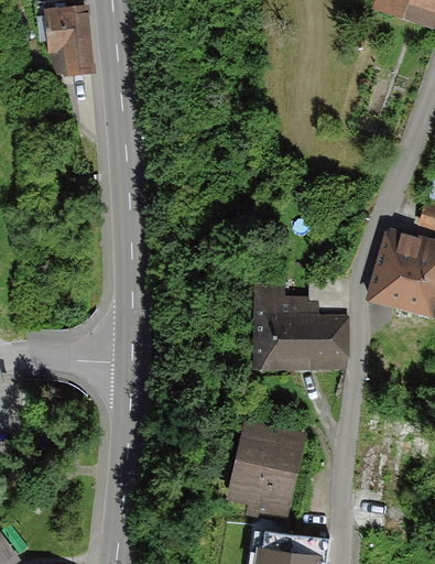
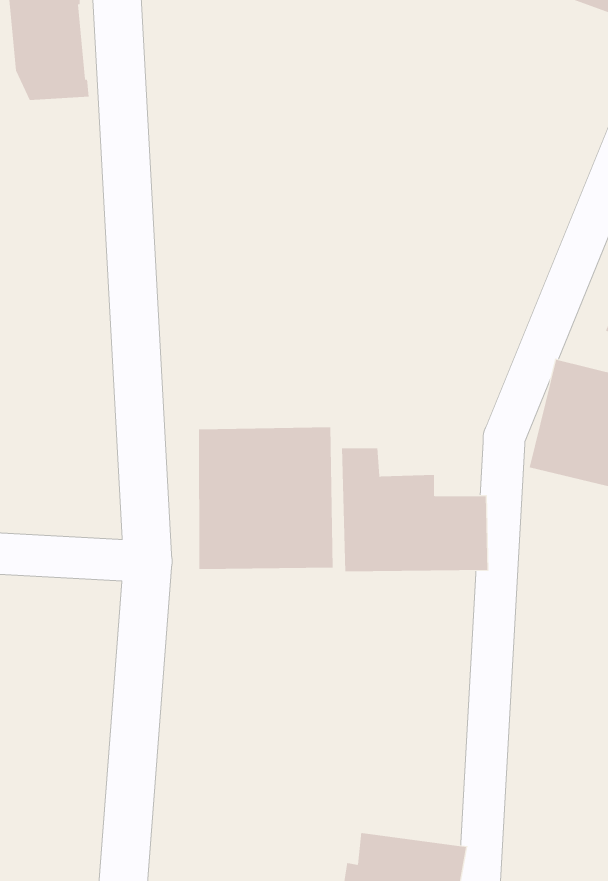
building: none -> [199,427,333,570]
building: [228,423,304,519] -> none

